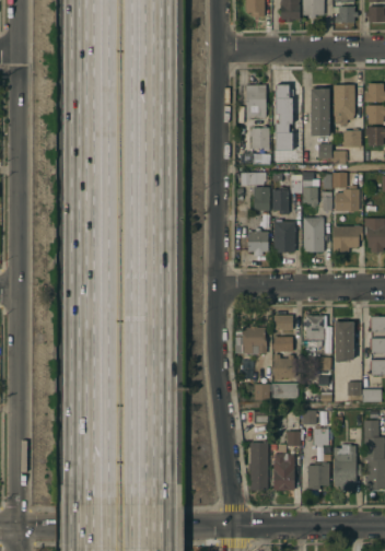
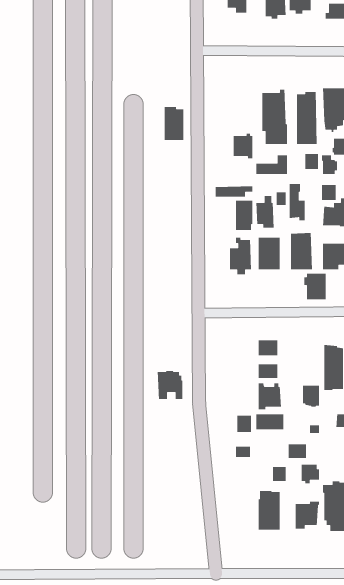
building: [246,85,265,117] -> [164,106,184,141]
building: [303,315,324,340] -> [304,273,326,300]
building: [242,326,266,353] -> [157,370,183,400]
building: [248,441,268,491] -> none

